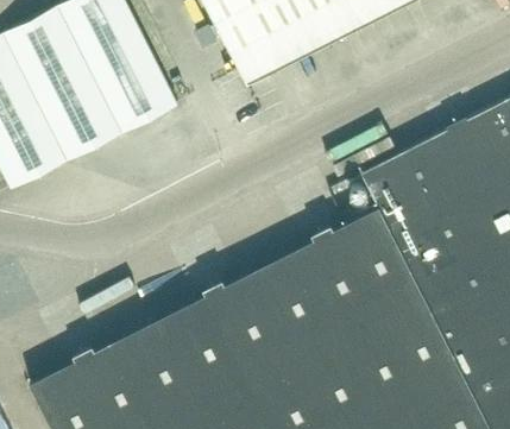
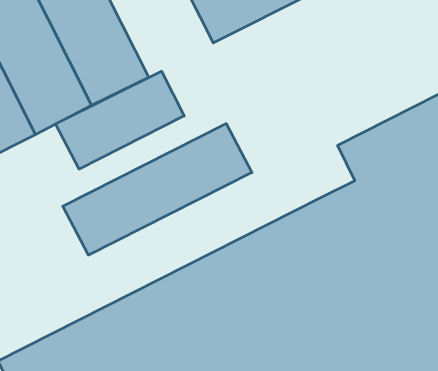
building: none -> [56,71,184,169]
building: none -> [63,124,252,255]

